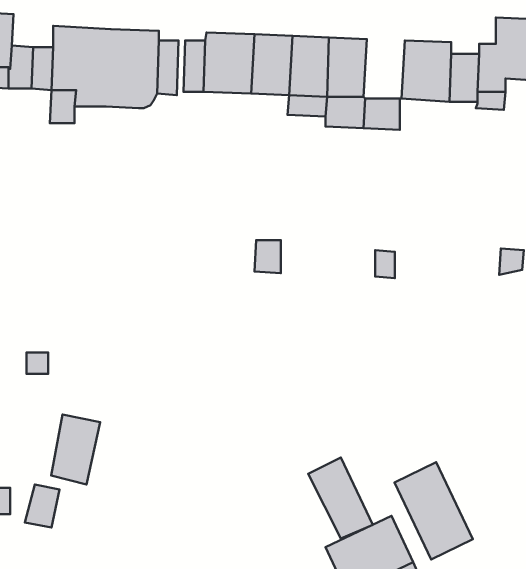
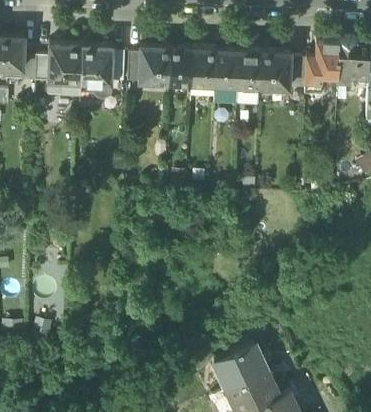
building: none -> [236,49,261,85]
building: [51,415,100,484] -> none
building: [308,457,373,538] -> none
building: [395,462,473,560] -> none

